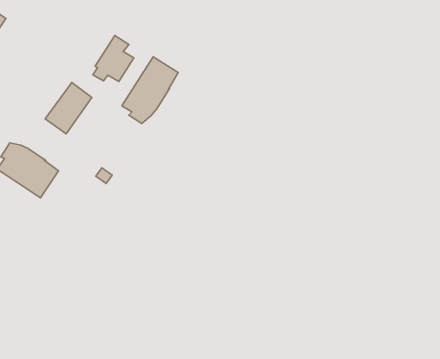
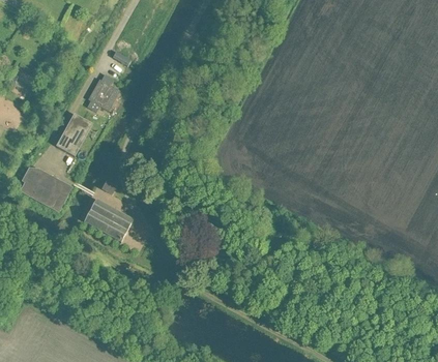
building: [122,57,178,124] -> none
building: none -> [84,199,133,241]

